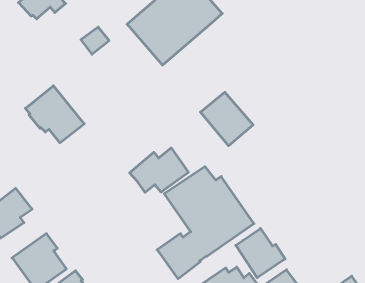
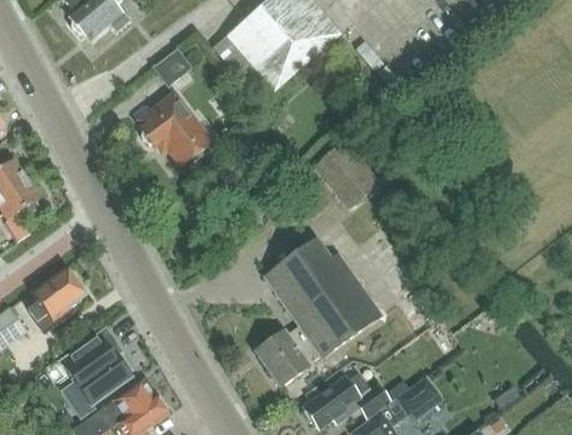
building: [25,86,84,143] -> [135,92,213,168]
building: [130,148,188,192] -> none
building: [236,228,285,278] -> none

